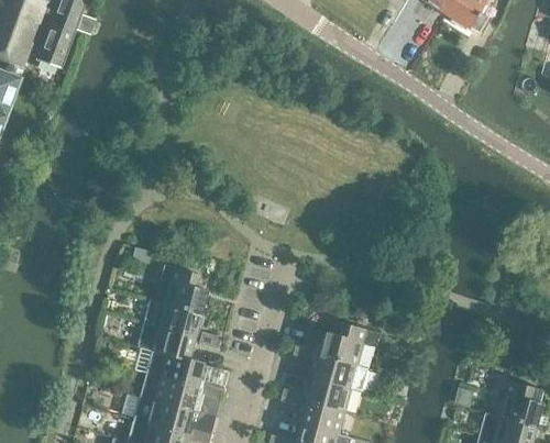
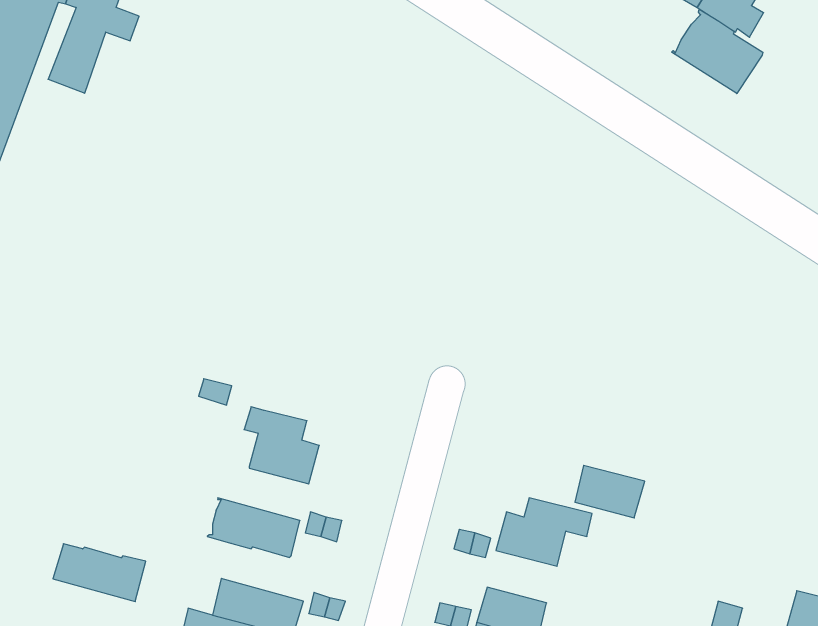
building: none -> [672,9,763,94]
building: [144,299,201,336] -> none
building: [146,351,205,387] -> [53,544,146,602]
building: [314,355,358,388] -> [575,465,645,518]

